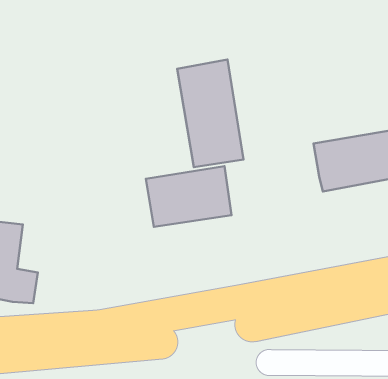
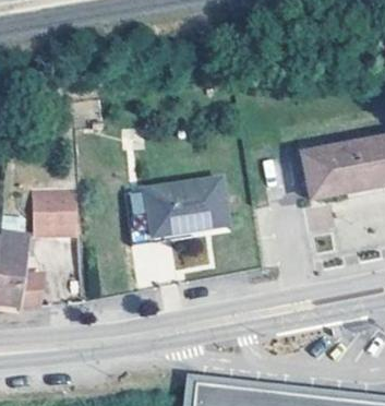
building: [177,59,244,167] -> none
building: none -> [28,187,73,229]

